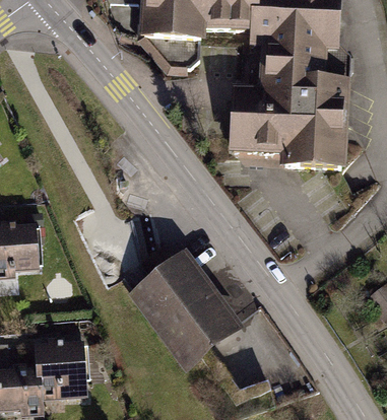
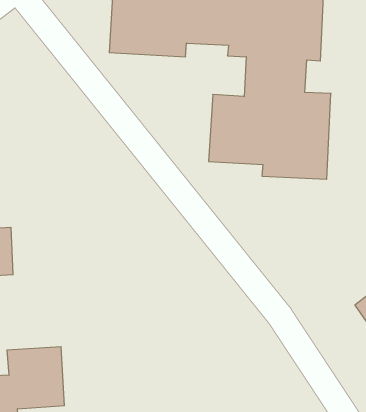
building: [127,248,246,370] -> none

